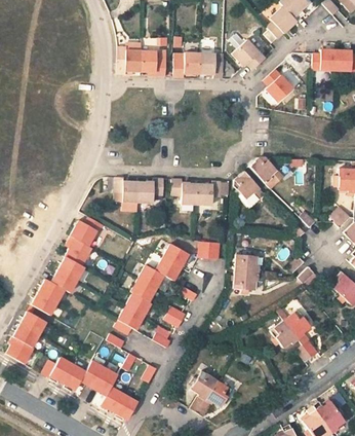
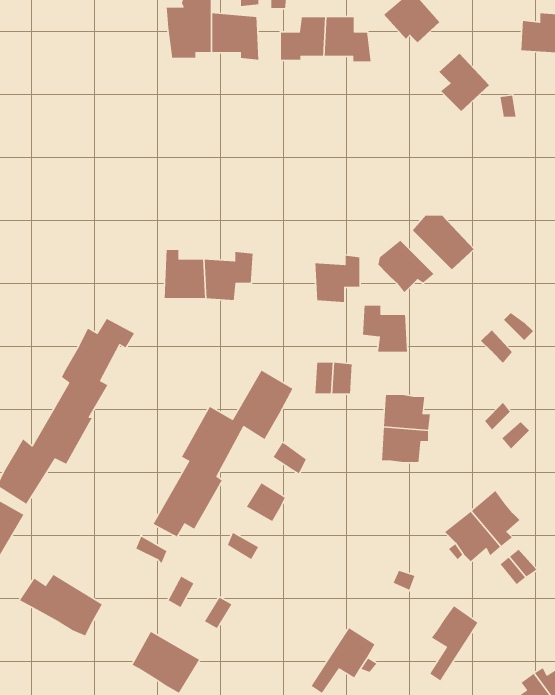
building: [174,180,199,206] -> [362,305,408,352]
building: [79,360,115,393] -> none
building: [190,372,216,413] -> [429,605,479,682]

